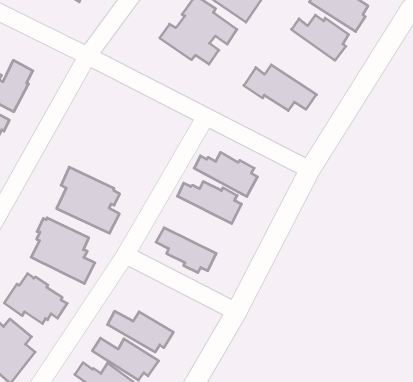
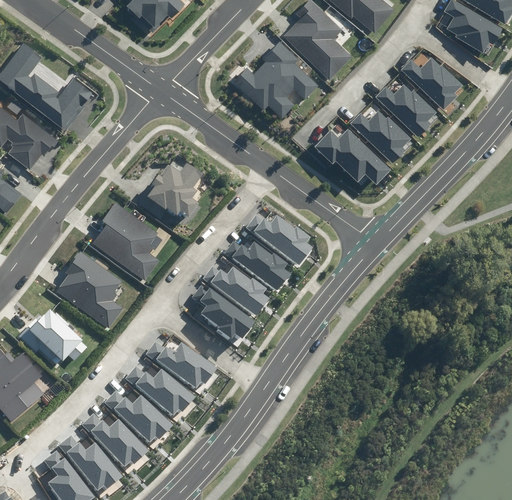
building: none -> [349,111,411,164]
building: none -> [147,162,202,217]
building: none -> [202,267,268,316]
building: none -> [145,340,216,388]

